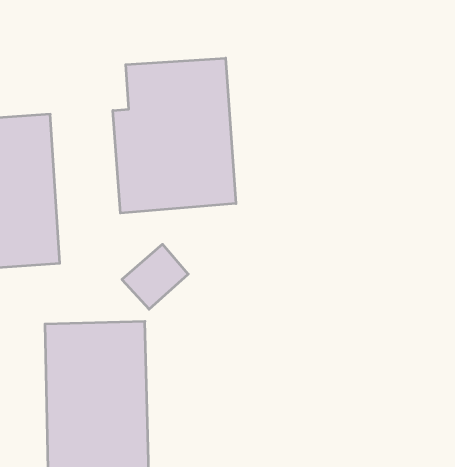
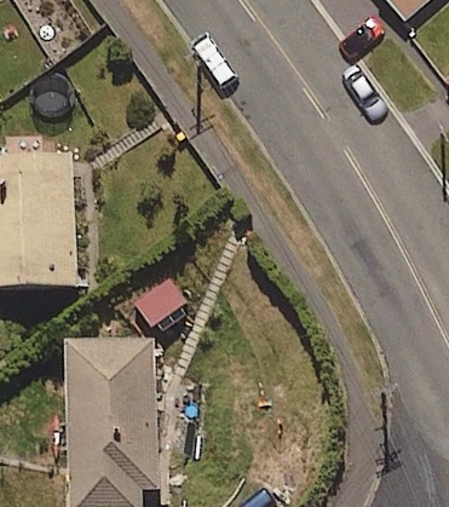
building: [113,58,236,213] -> none

